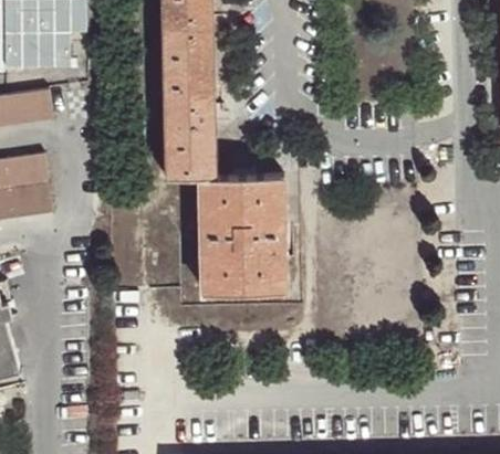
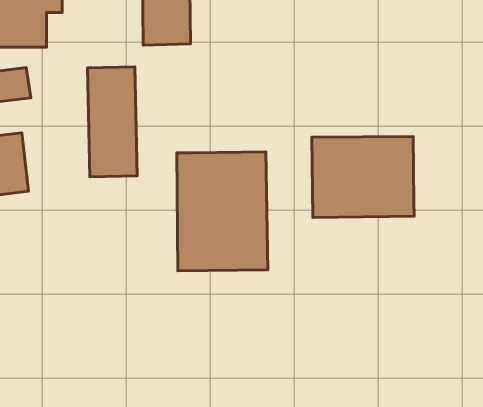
building: [164,66,212,175] -> [88,67,137,177]
building: none -> [312,137,414,218]

